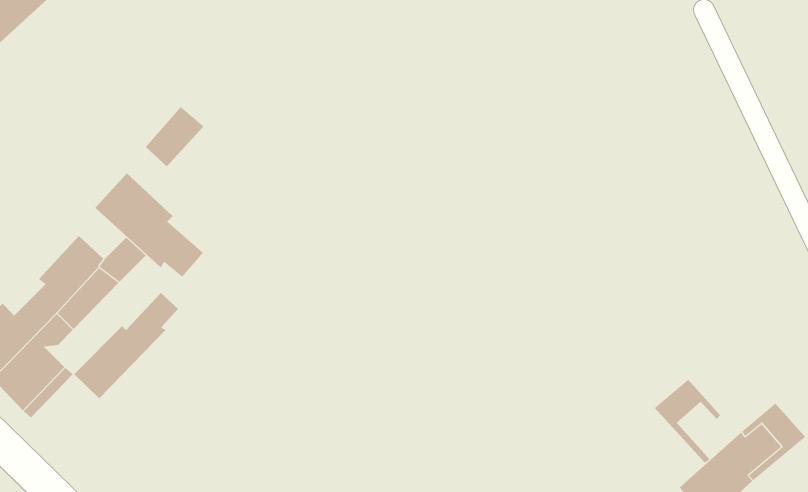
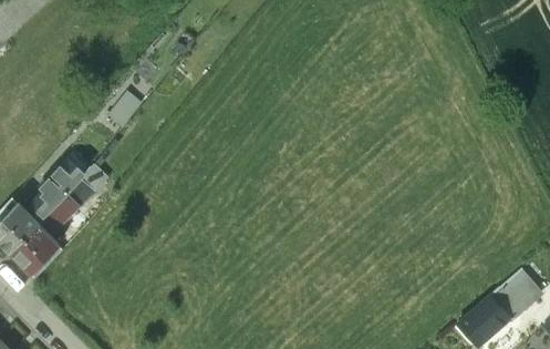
building: [94,172,204,277] -> none
building: [74,292,179,399] -> none
building: [654,379,721,464] -> none

